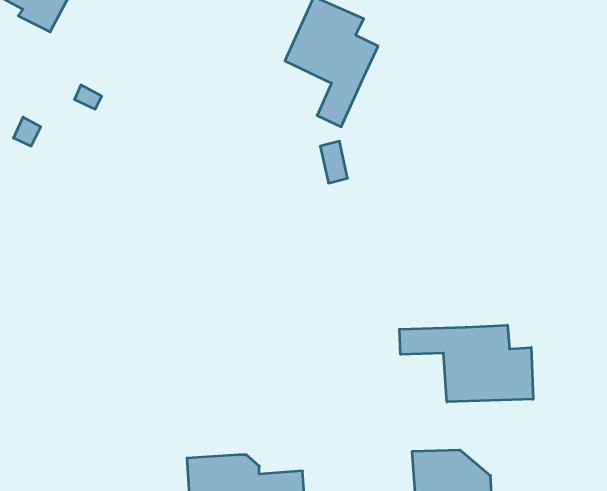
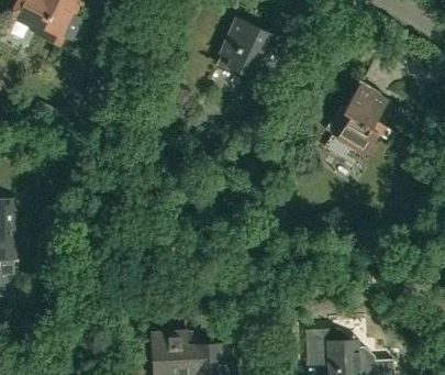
building: none -> [336,80,391,154]
building: [399,325,533,402] -> none

